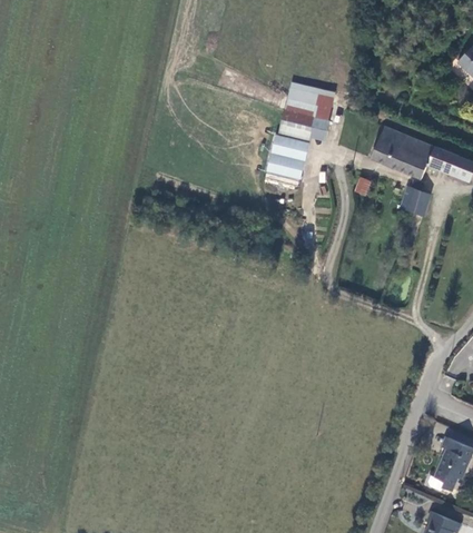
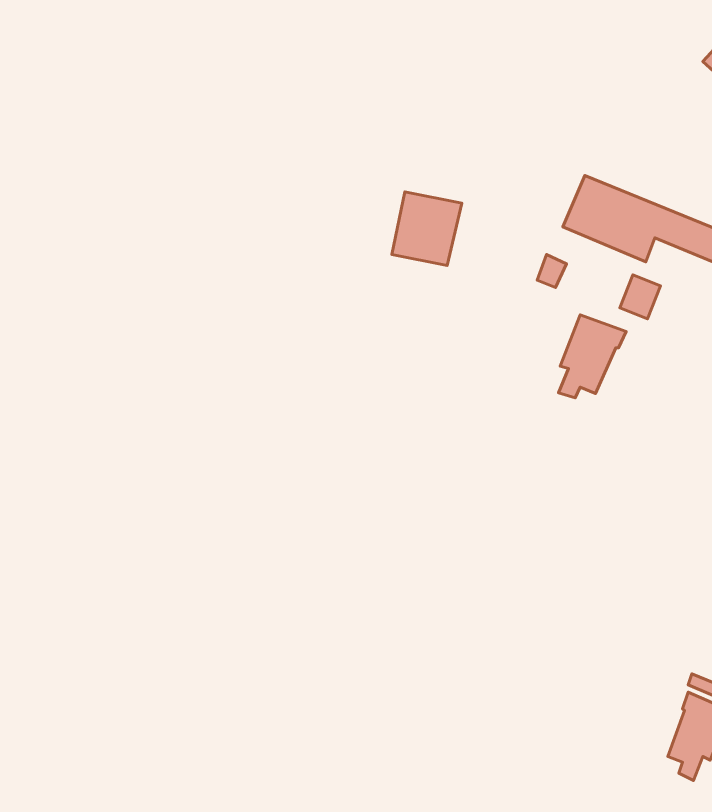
building: [278,83,332,141] -> none
building: none -> [559,315,626,398]

